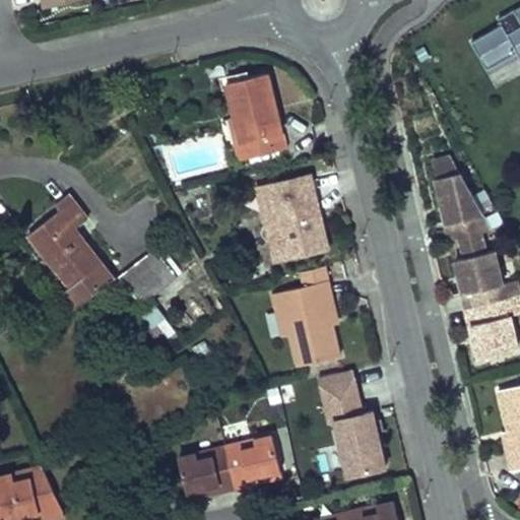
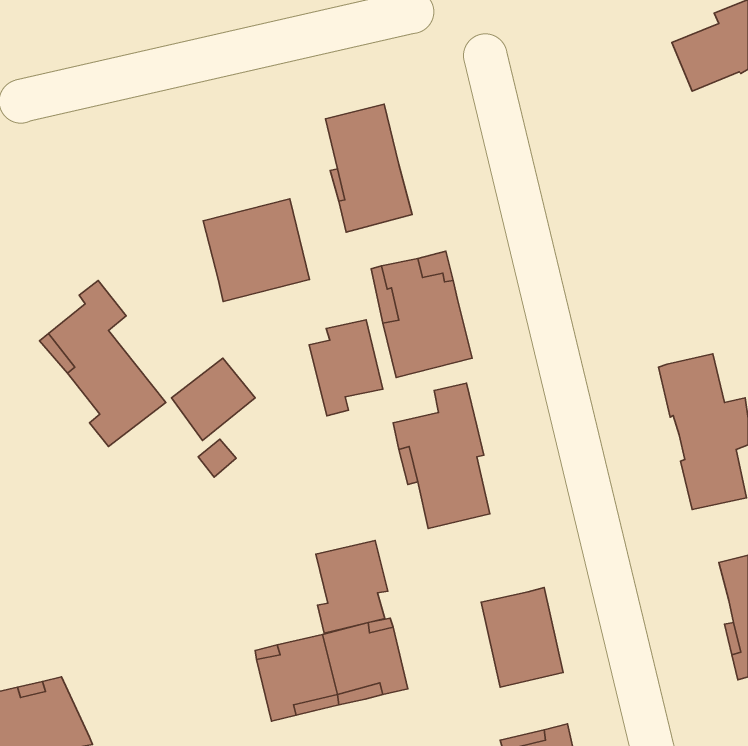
building: none -> [203,199,310,301]
building: [430,152,497,255] -> none
building: none -> [309,320,383,416]
building: [317,368,366,420] -> none
building: none -> [316,540,388,633]

